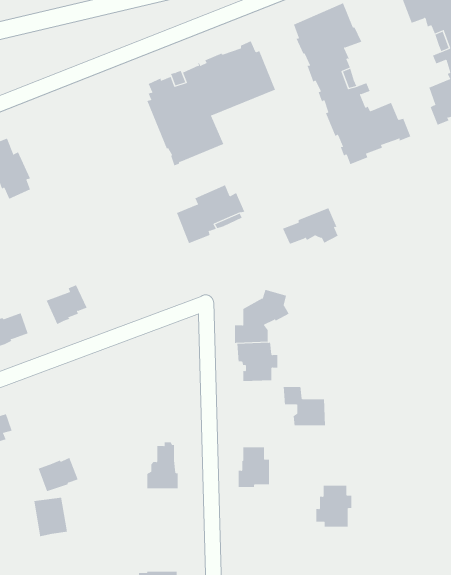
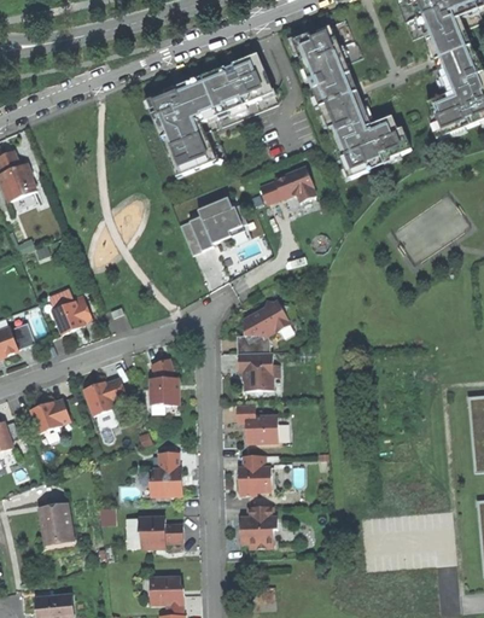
building: [282,208,339,245] -> [258,165,314,202]
building: none -> [150,357,179,404]
building: none -> [82,377,127,414]
building: [283,387,326,426] -> [235,402,278,441]
building: [38,457,78,492] -> [30,397,70,431]
building: [315,485,352,527] -> [240,505,276,546]
building: none -> [139,515,182,546]

